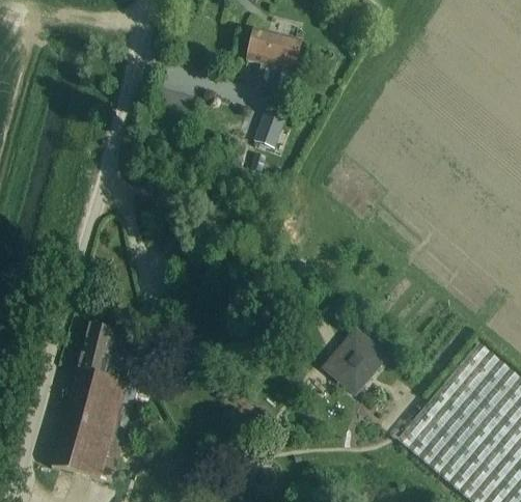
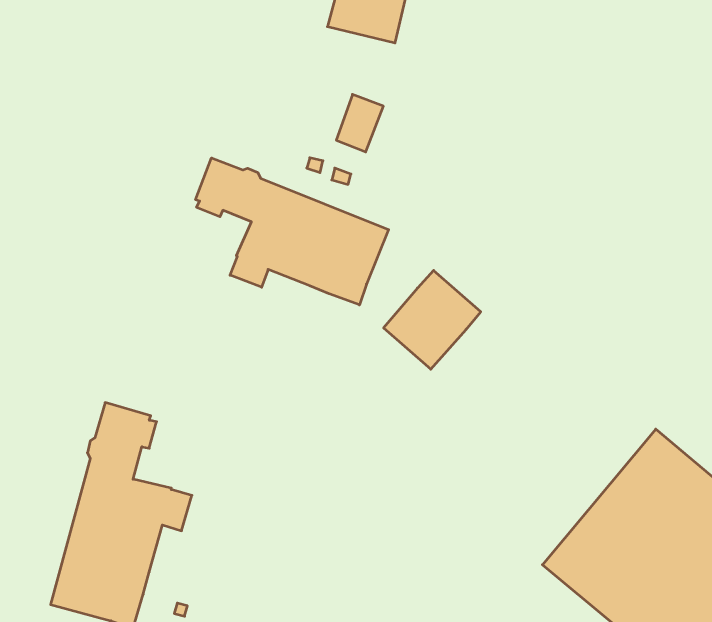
building: none -> [196,158,389,305]
building: [321,326,389,395] -> [384,270,481,369]

